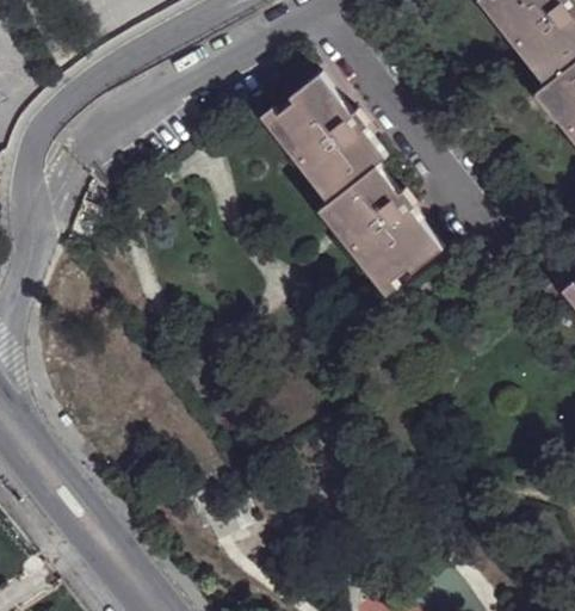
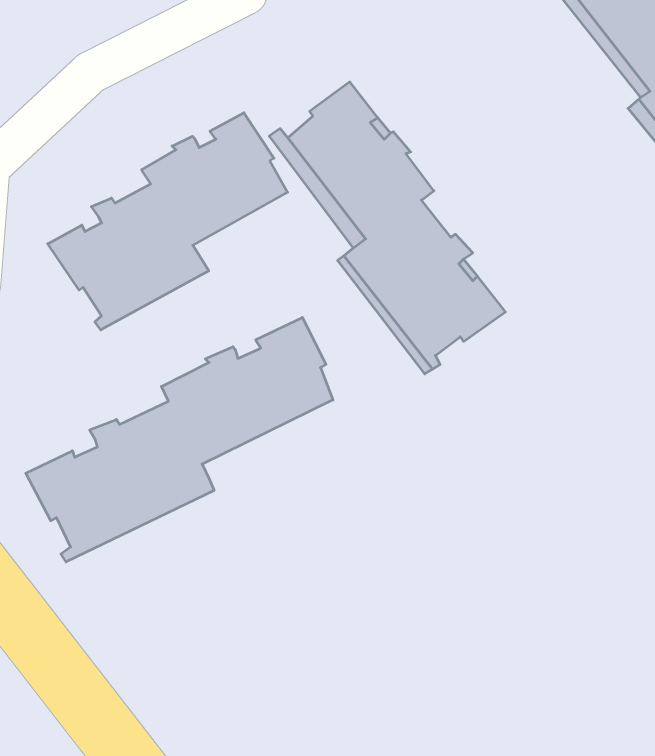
building: none -> [48,113,288,330]
building: none -> [26,317,333,562]

